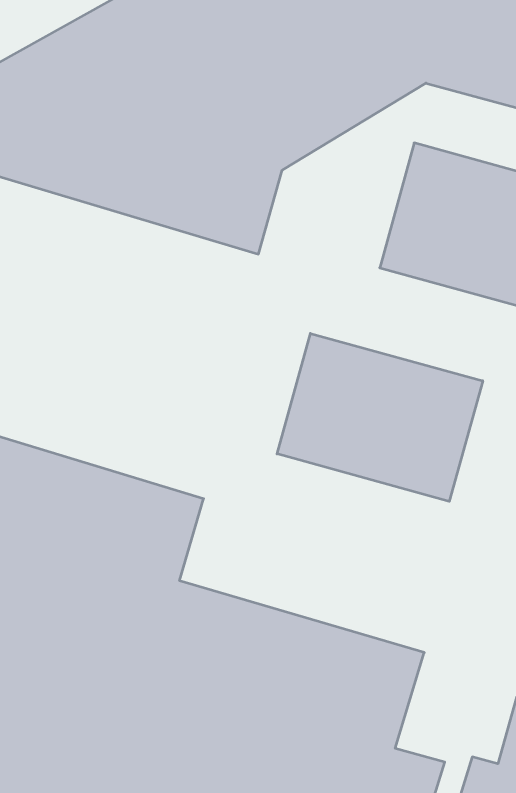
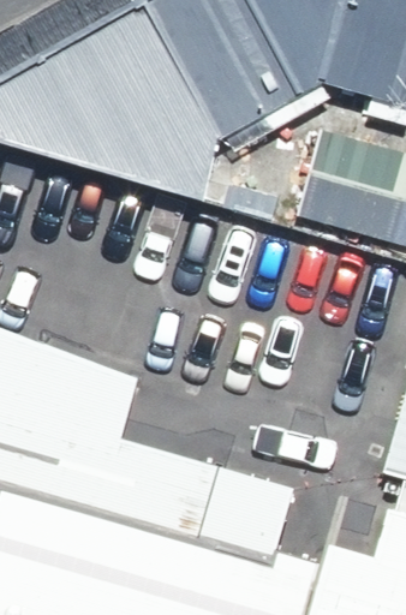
building: [277,333,483,501] -> none

